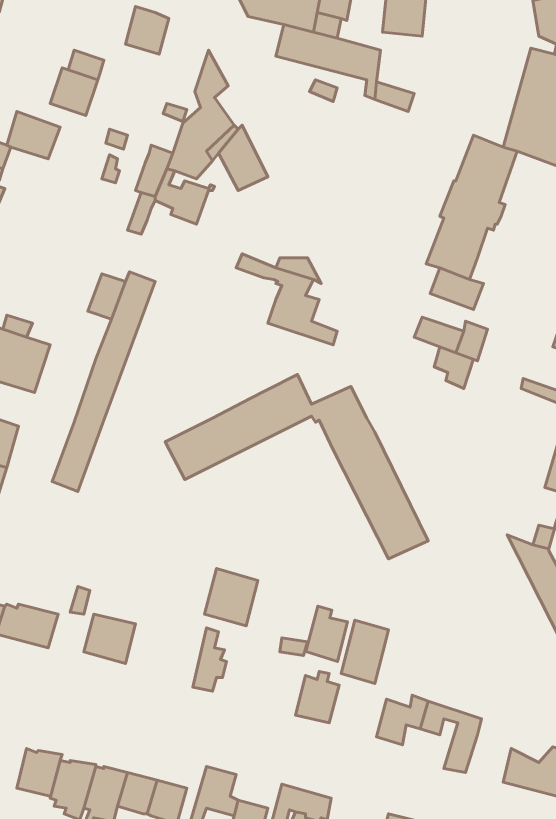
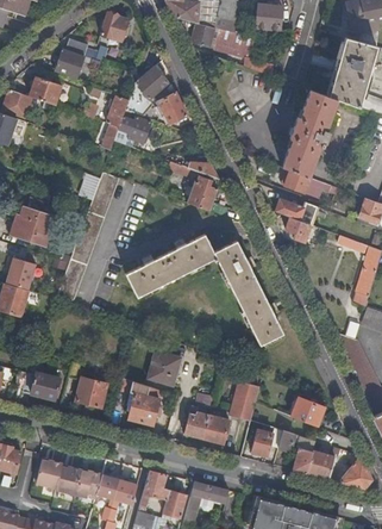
building: [306,606,348,661] -> [184,405,209,438]
building: none -> [119,378,150,422]
building: none -> [290,397,324,425]
building: none -> [306,447,340,479]

